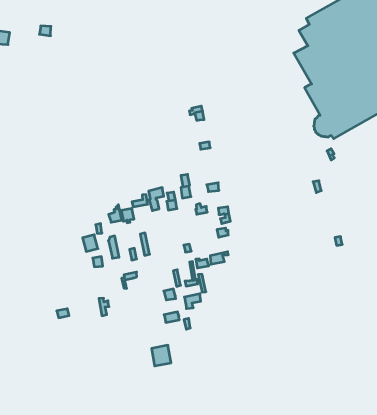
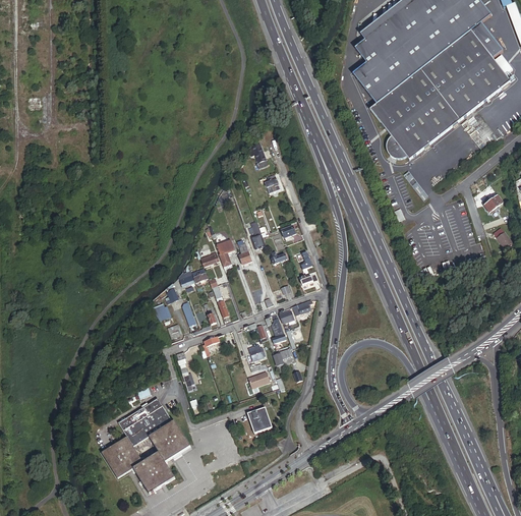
building: none -> [100,397,190,492]

